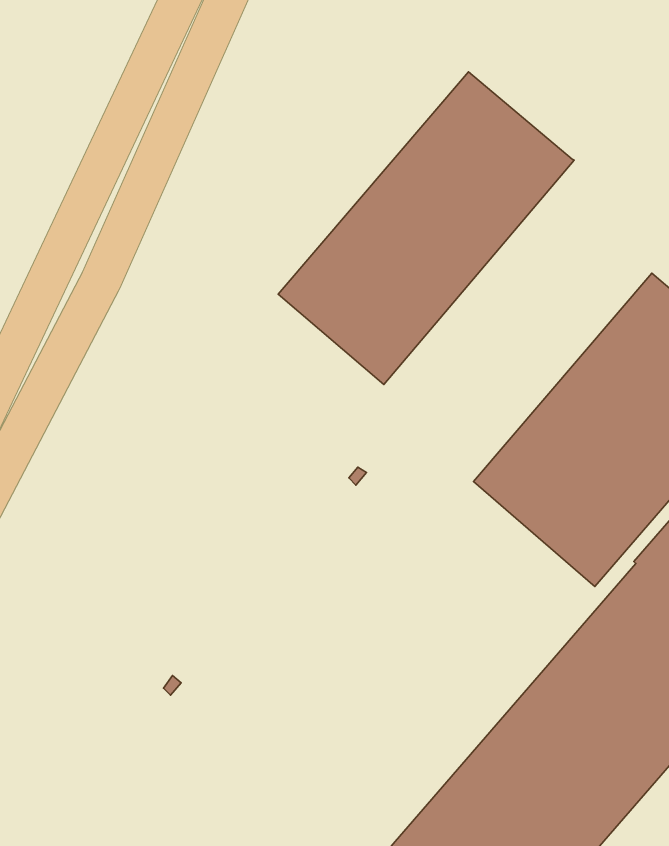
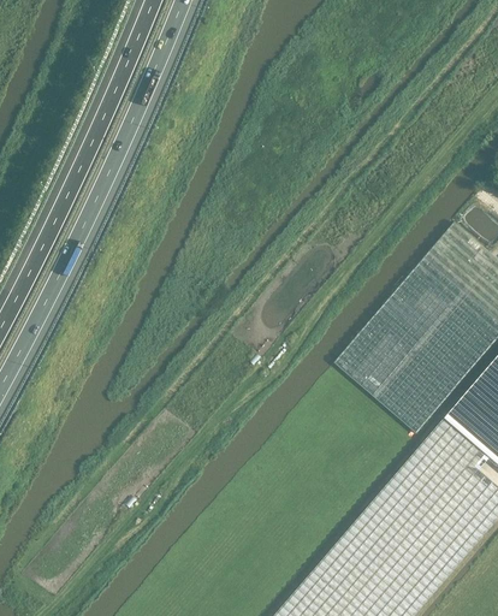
building: [278,72,574,384] -> none

